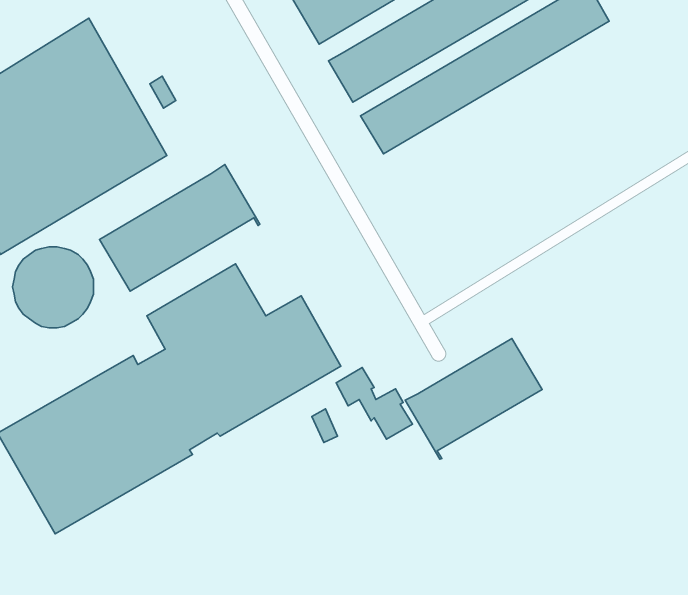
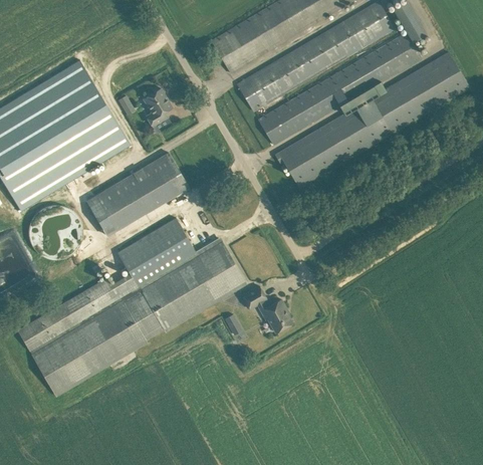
building: none -> [274,51,468,187]
building: none -> [145,87,172,127]
building: [405,338,542,459] -> none

